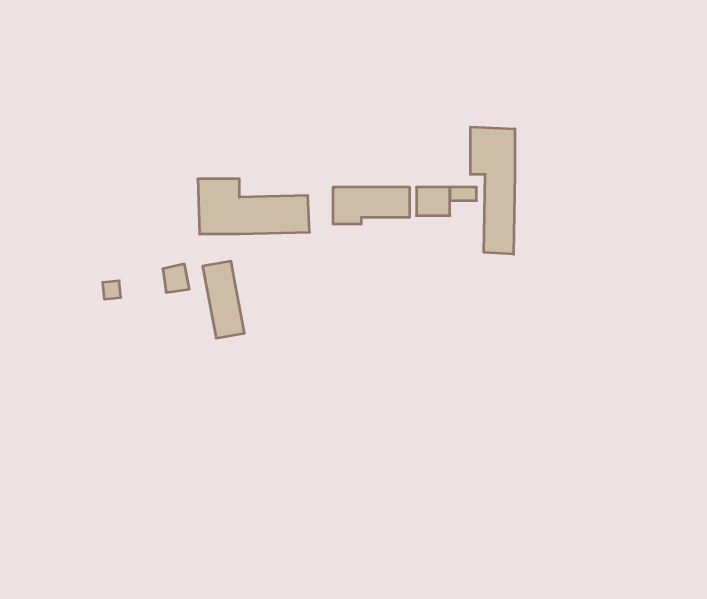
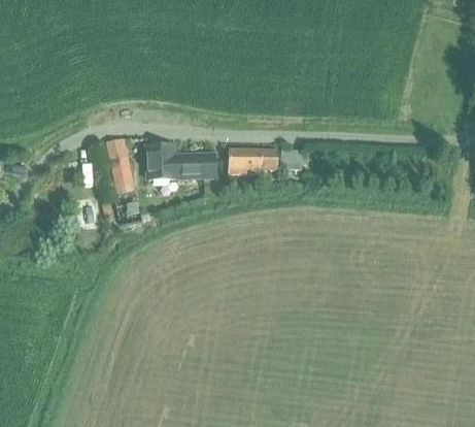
building: [470,127,515,254] -> none
building: [203,261,244,338] -> [107,143,133,191]

